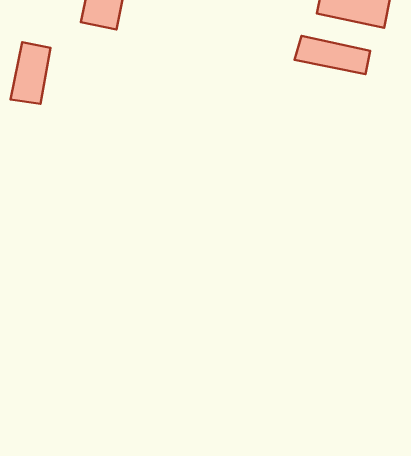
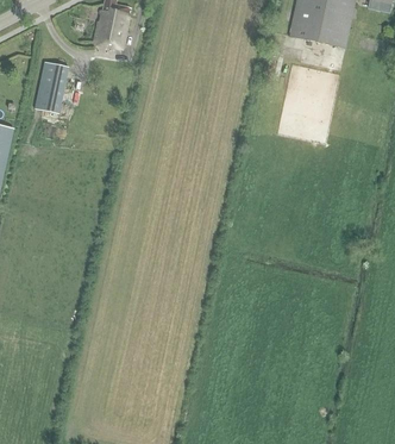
building: [295,36,370,74] -> none

